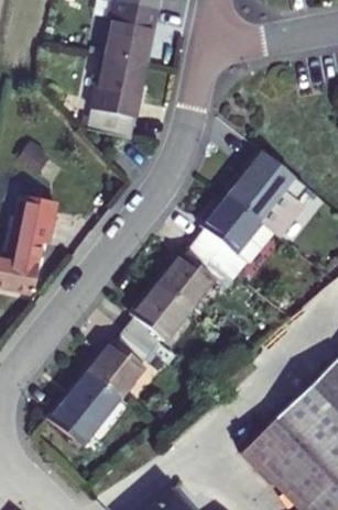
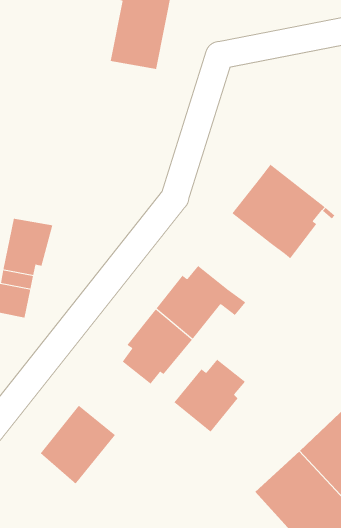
building: [94,57,152,141] -> none
building: [189,196,269,277] -> none
building: [80,331,146,398] -> [173,359,246,432]

